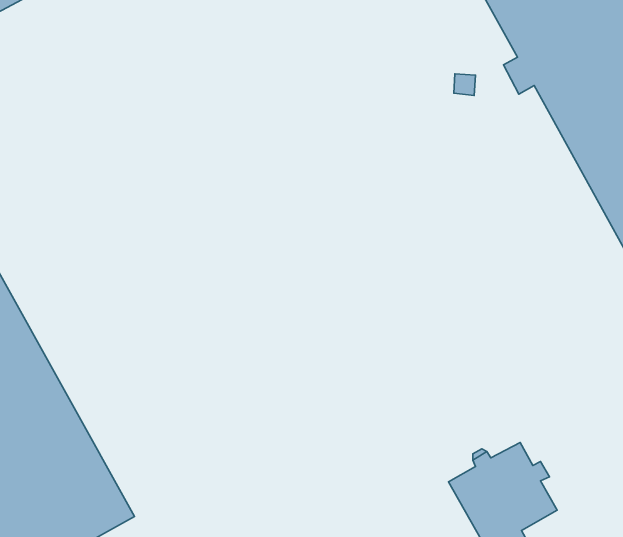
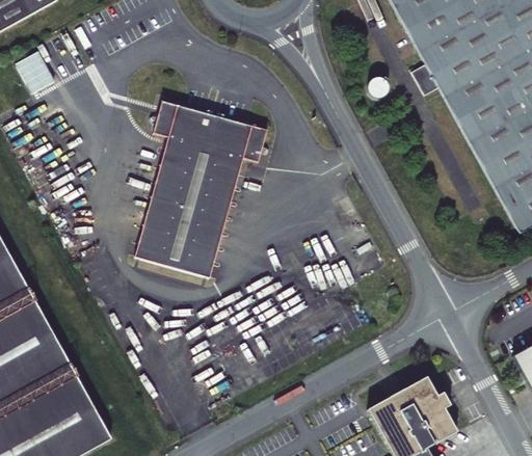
building: none -> [19,51,55,92]
building: none -> [136,98,268,275]

